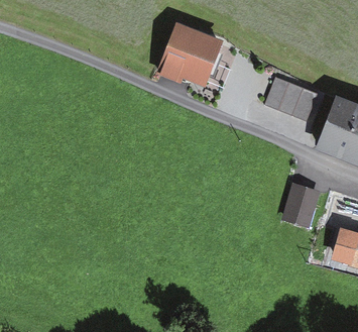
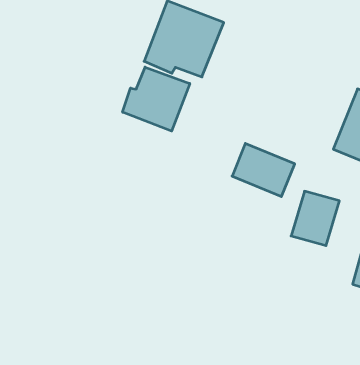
building: [264,76,317,120] -> [232,143,295,197]
building: none -> [123,67,190,131]

